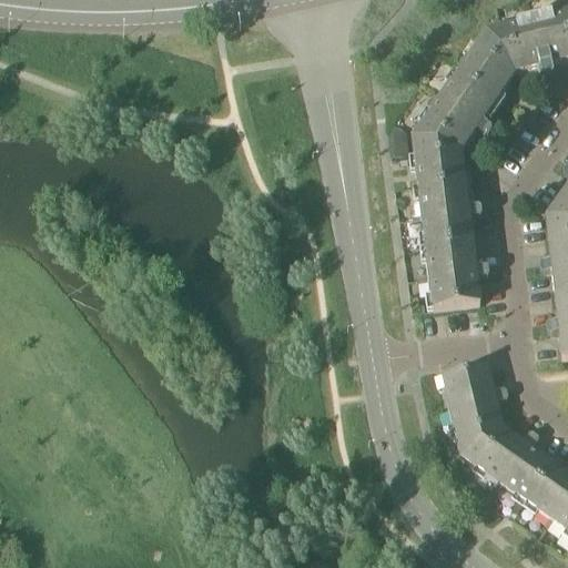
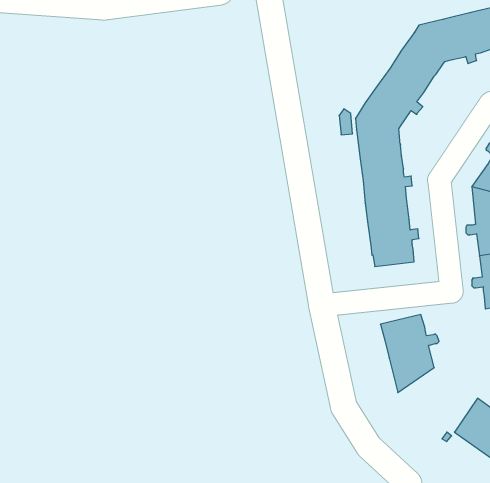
building: [460,424,552,498] -> none

